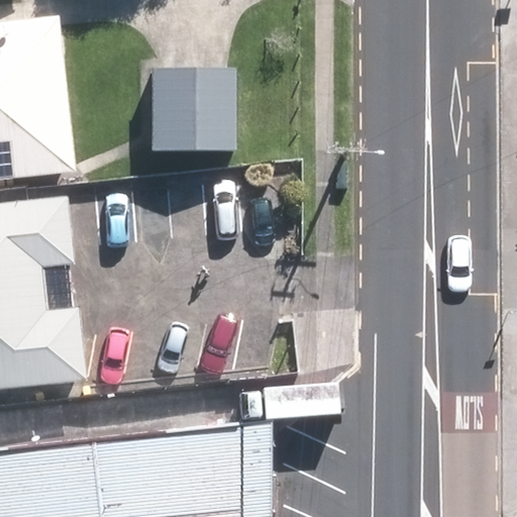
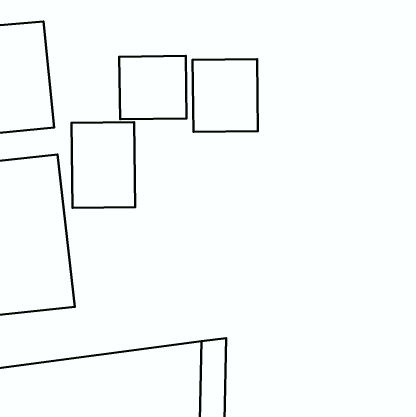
building: none -> [193,59,258,132]
building: none -> [71,122,135,208]

